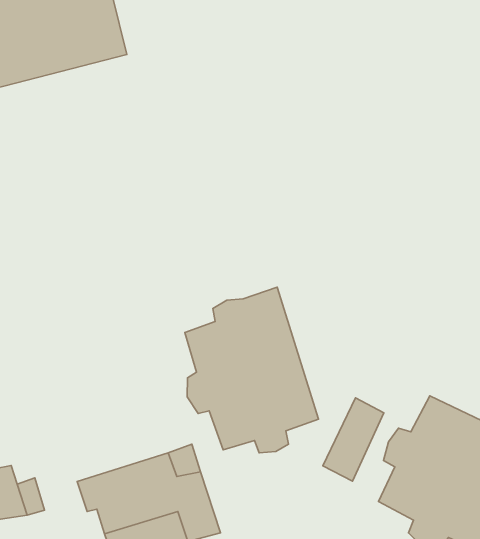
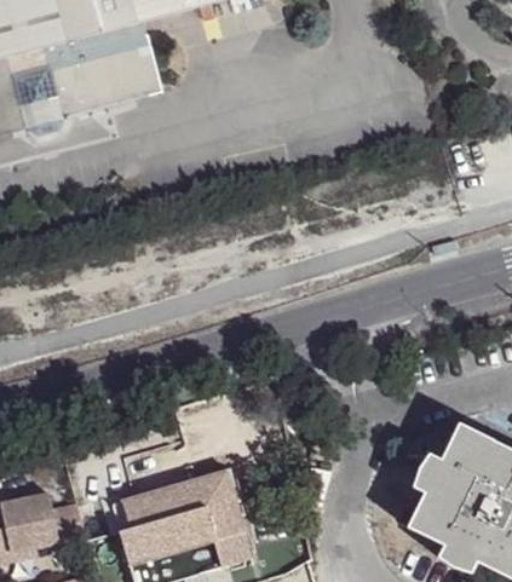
building: [185,287,319,453] -> none
building: [323,398,384,481] -> none

